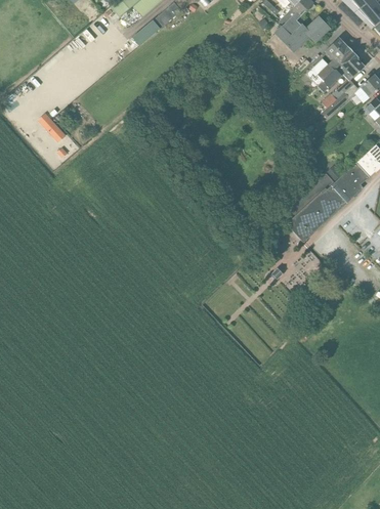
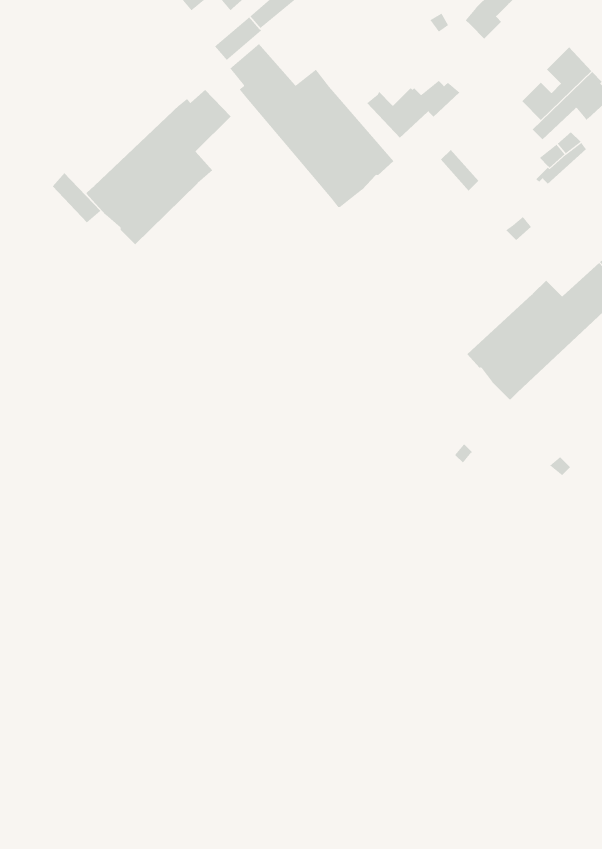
building: [275,17,329,51] -> [366,80,460,139]
building: none -> [230,43,394,208]
building: none -> [86,89,232,245]

